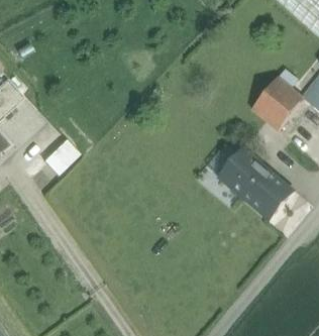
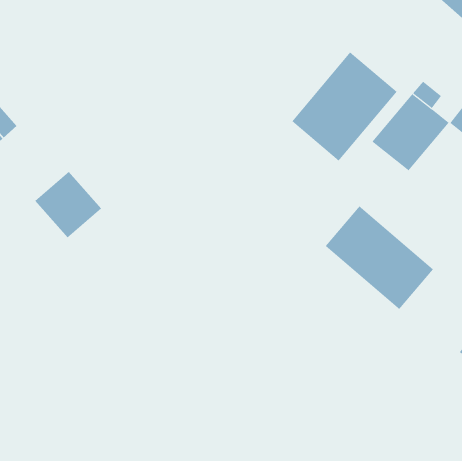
building: none -> [291,51,397,161]

